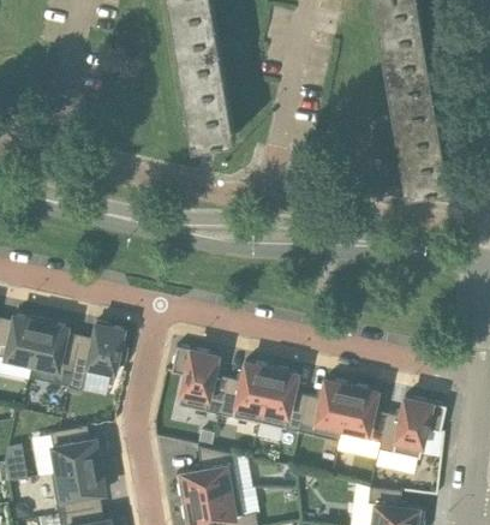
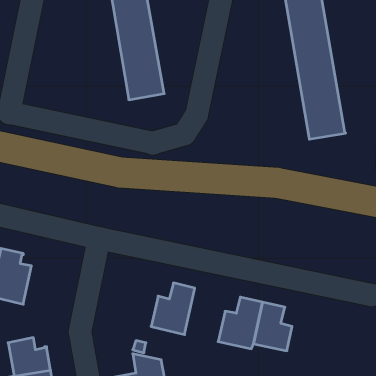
building: [67,322,127,389] -> none
building: [171,346,227,413] -> none
building: [258,368,306,431] -> none
building: [377,396,446,459] -> none

